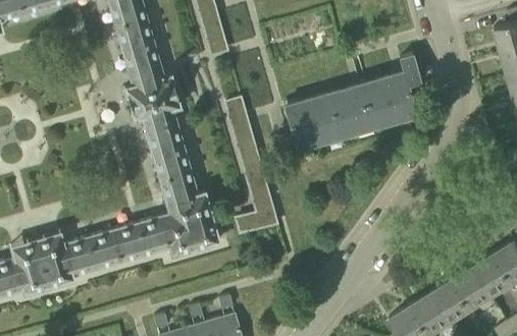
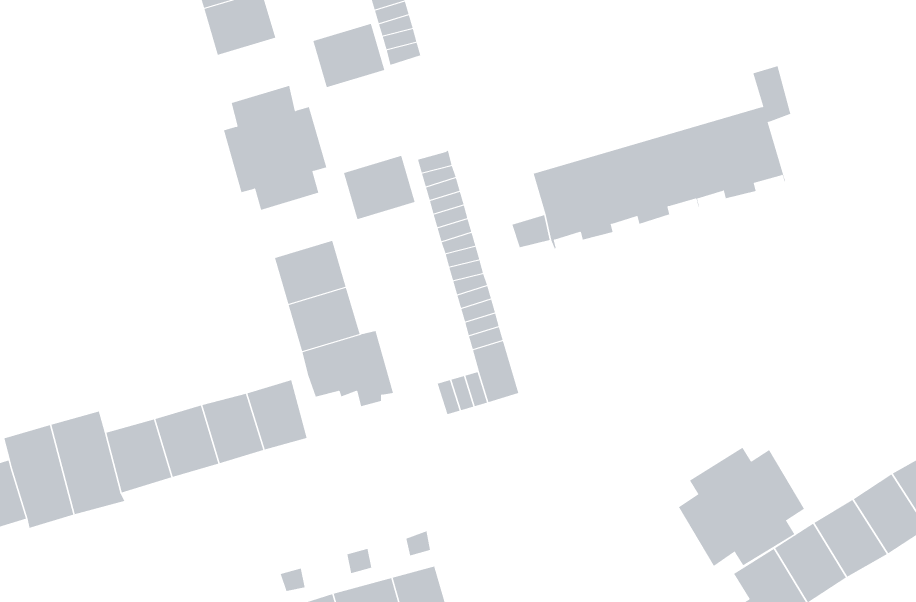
building: [121,40,159,73] -> [313,23,385,88]
building: [144,120,182,154] -> [343,155,416,220]
building: [160,215,218,256] -> none
building: none -> [678,447,805,567]

